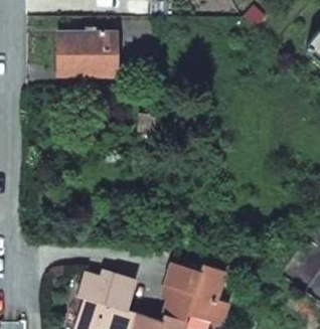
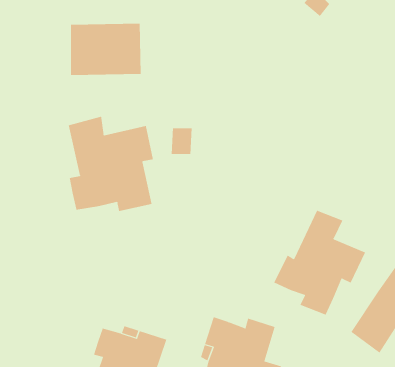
building: none -> [68,116,153,212]
building: none -> [273,210,366,316]

